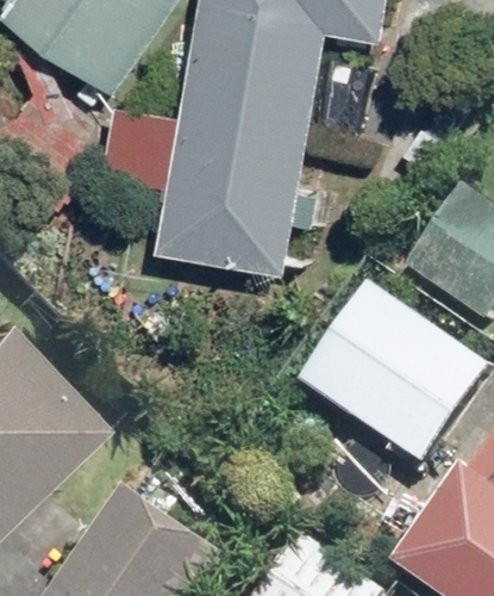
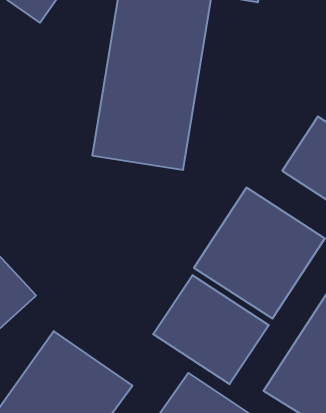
building: none -> [153,275,269,384]

